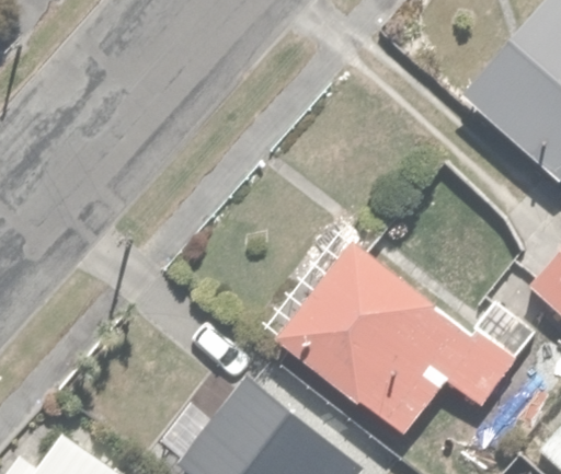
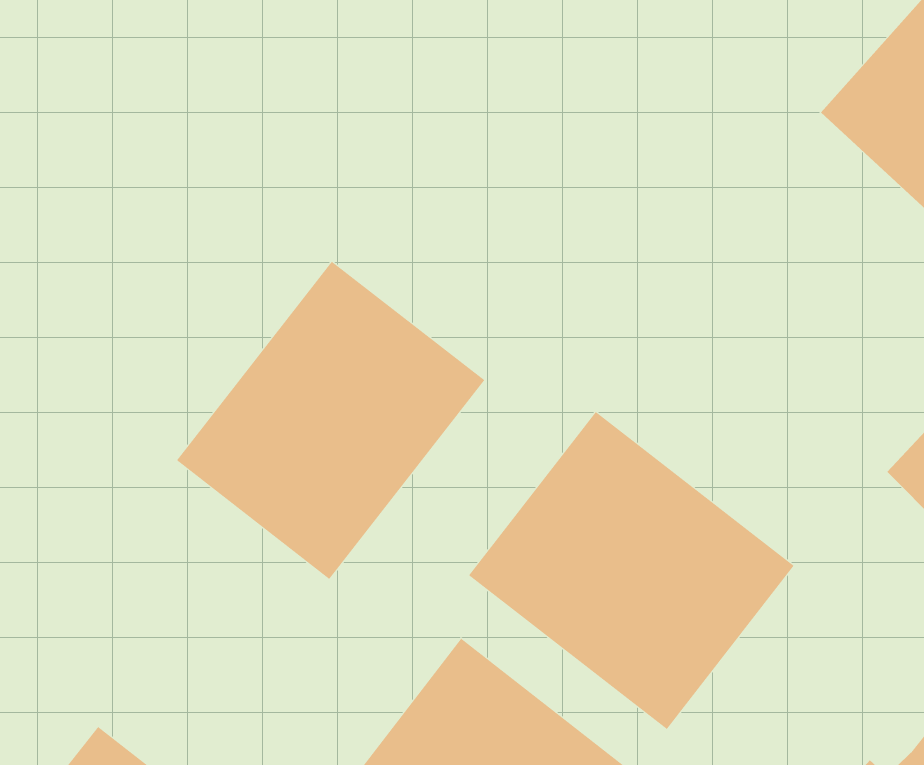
building: none -> [176,261,485,580]

